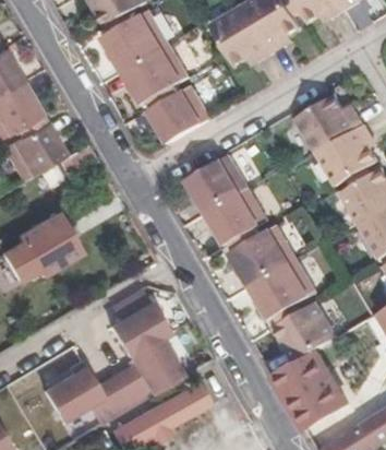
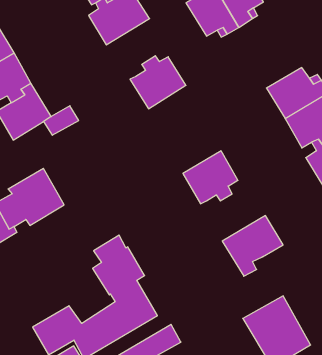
building: [121,42,190,106] -> none
building: [186,156,249,214] -> none
building: [229,227,298,289] -> none
building: [274,304,337,364] -> none

